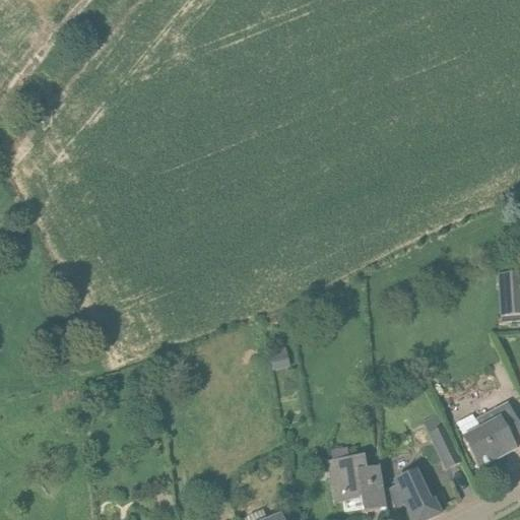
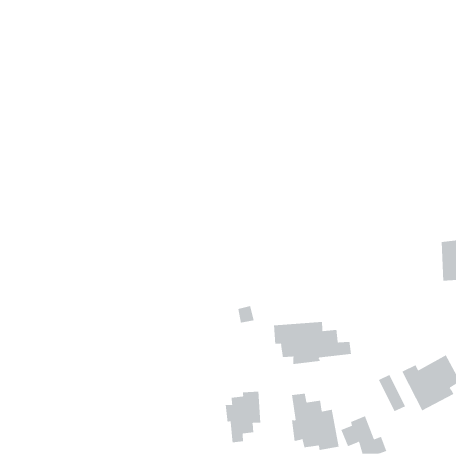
building: none -> [274,321,352,365]
building: none -> [225,391,261,443]

